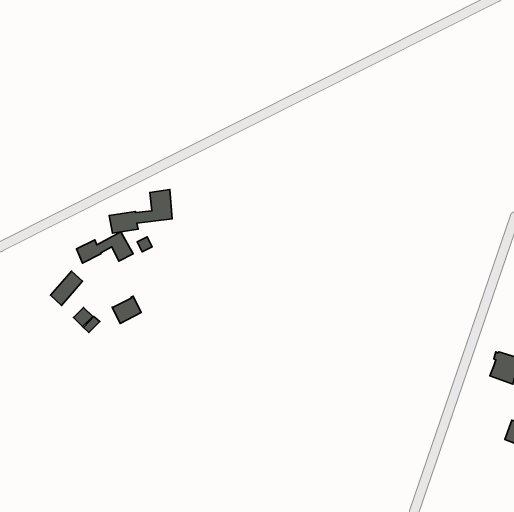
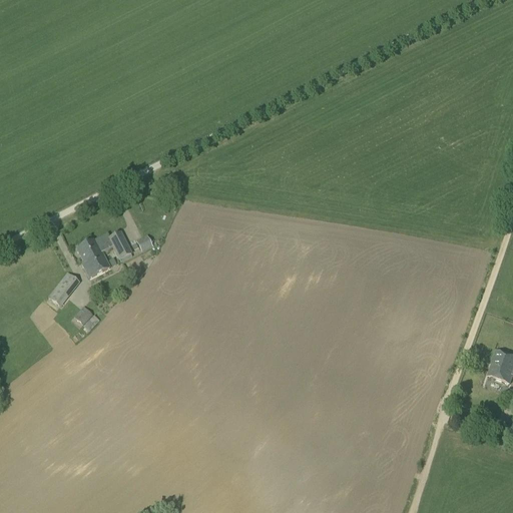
building: [109,189,172,233] -> none
building: [112,296,141,323] -> [82,250,111,278]

